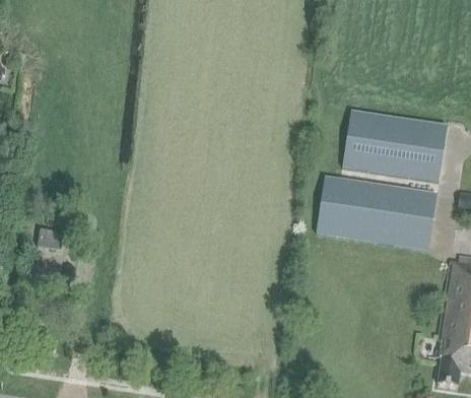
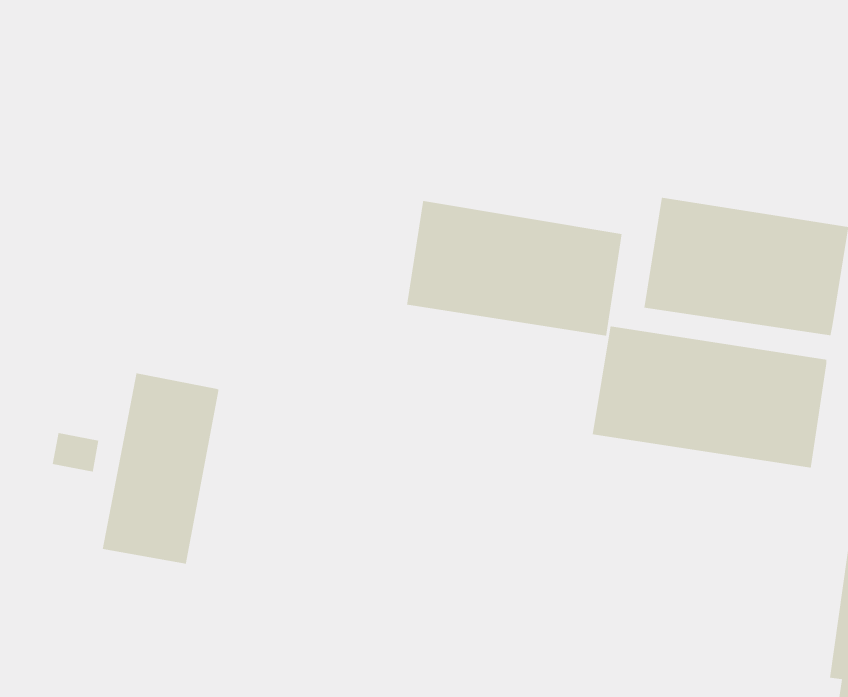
building: none -> [407,200,622,337]
building: none -> [102,373,219,565]

